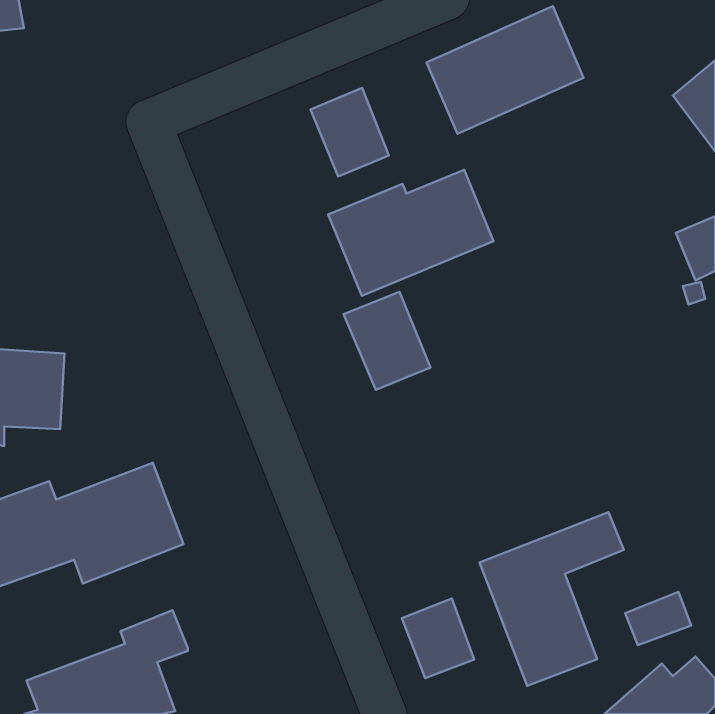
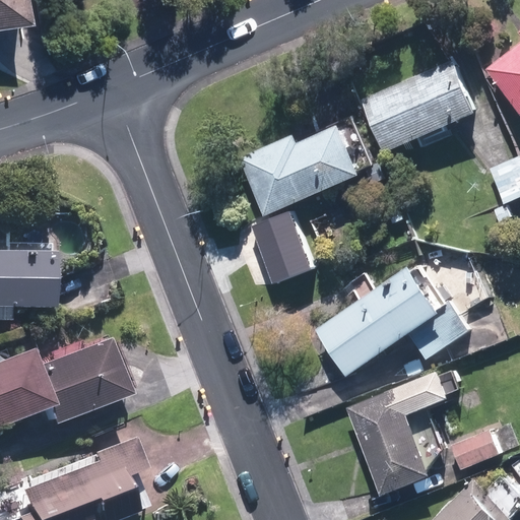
building: [427,6,584,134] -> [364,60,477,152]
building: [310,88,389,177] -> none
building: none -> [318,267,469,377]
building: [402,598,474,678] -> none

